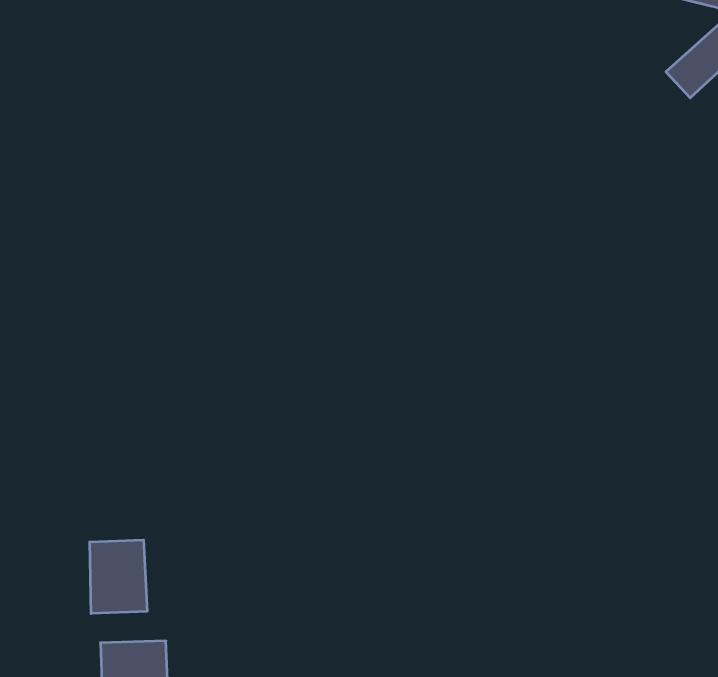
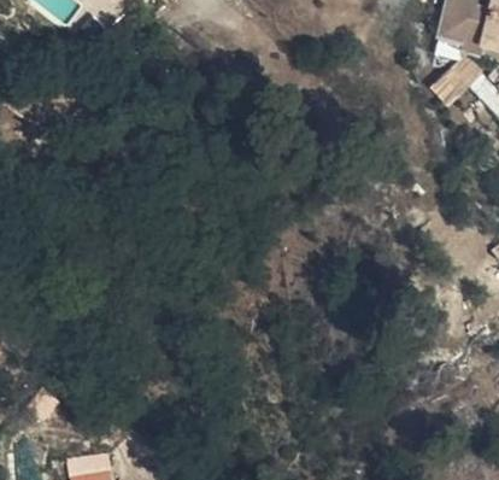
building: [90,540,147,614] -> none

